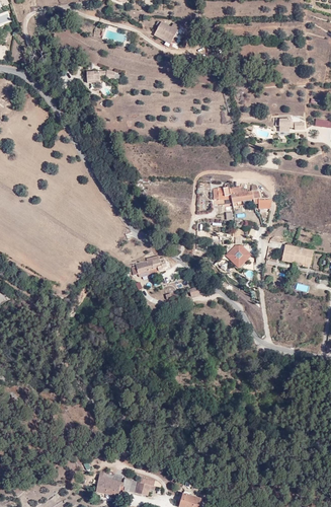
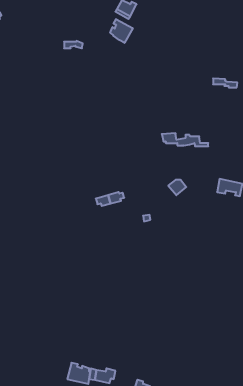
building: none -> [110,19,133,43]

